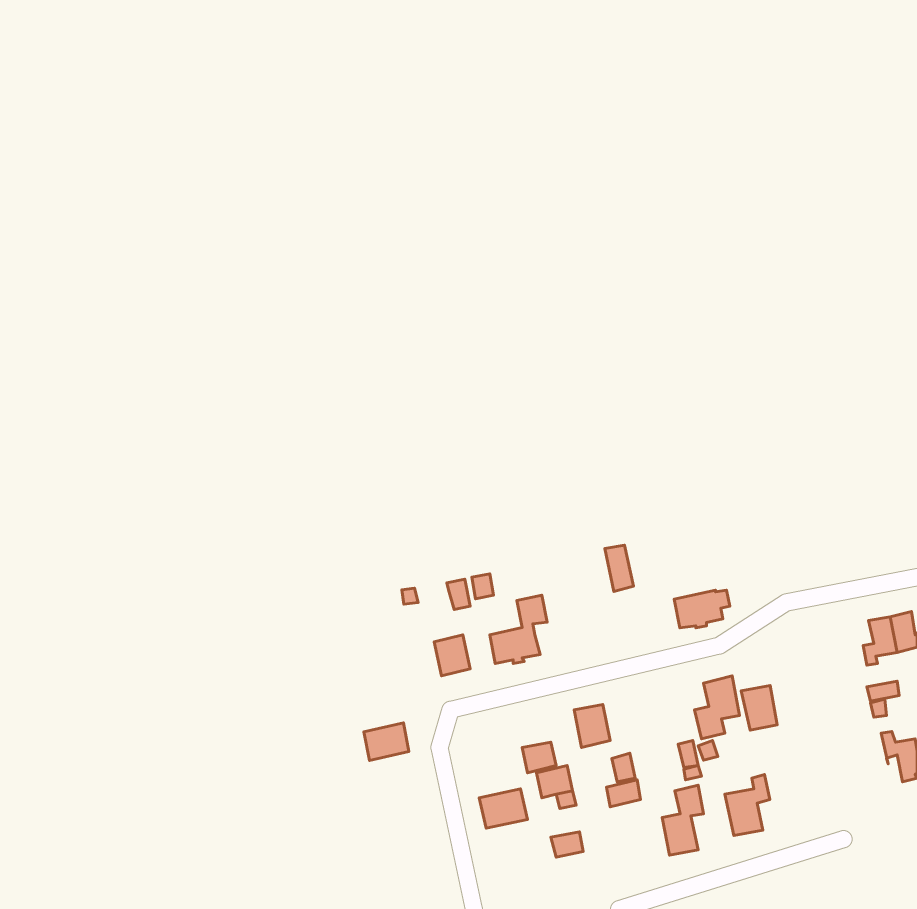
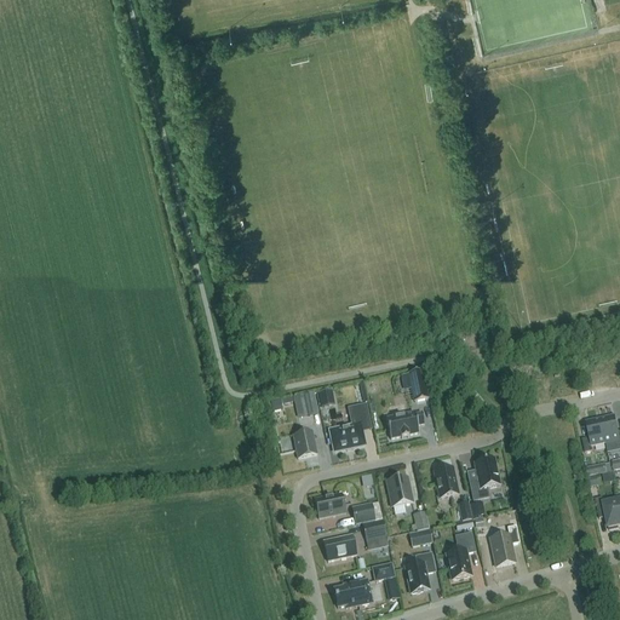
building: [674,590,730,628] -> [386,411,424,436]
building: [741,685,777,730] -> [434,466,458,496]
building: [364,723,409,761] -> [315,492,345,517]
building: none -> [406,551,435,591]
building: none -> [333,578,372,605]

